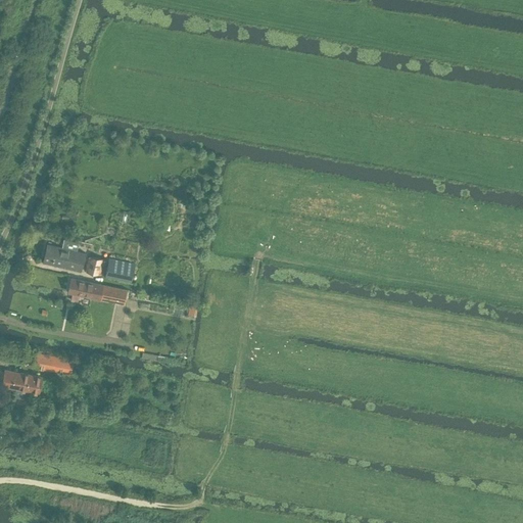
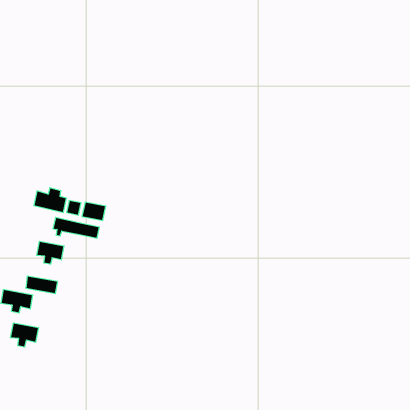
building: none -> [37,241,64,264]
building: none -> [10,323,39,347]

